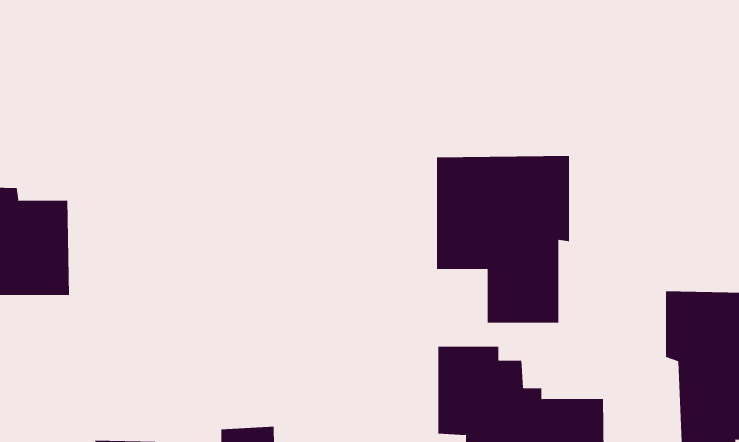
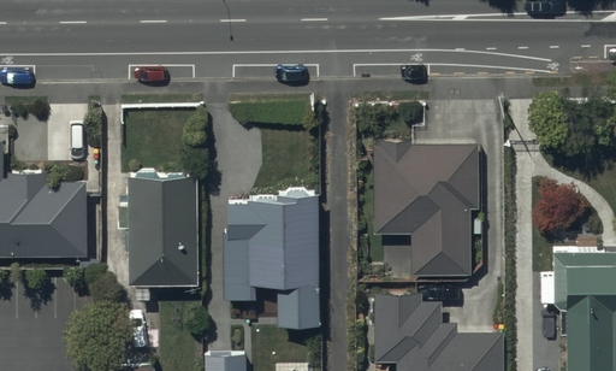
building: none -> [125,171,197,281]
building: none -> [218,193,318,323]

